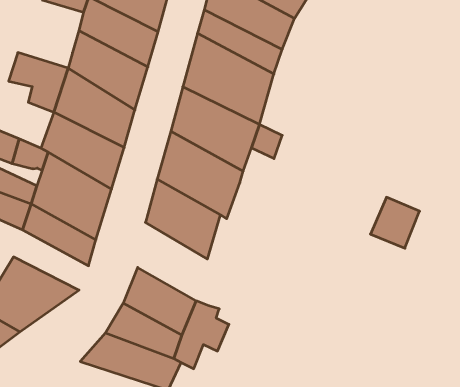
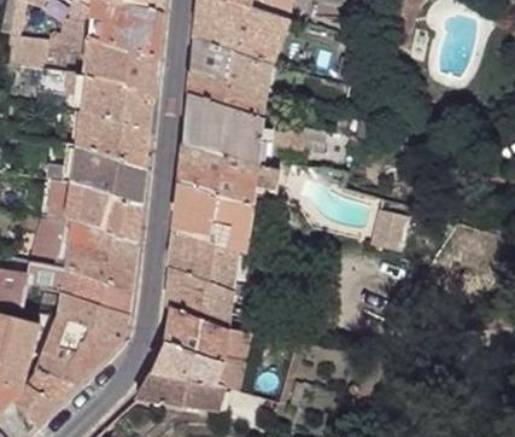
building: none -> [165,268,230,330]
building: none -> [59,293,127,338]

